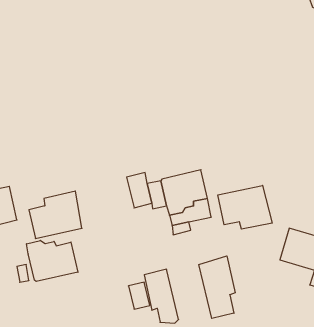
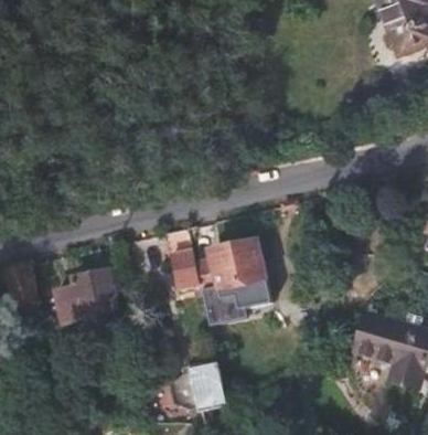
building: [218,185,272,229] -> none
building: [27,240,78,281] -> none
building: [199,256,235,318] -> none

